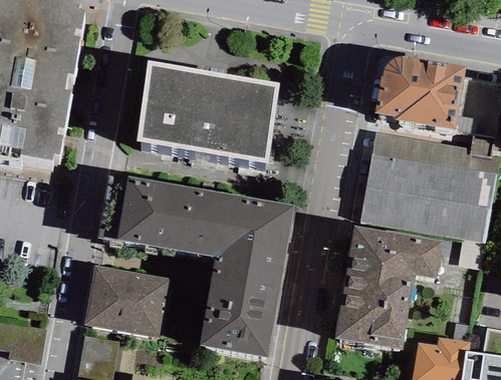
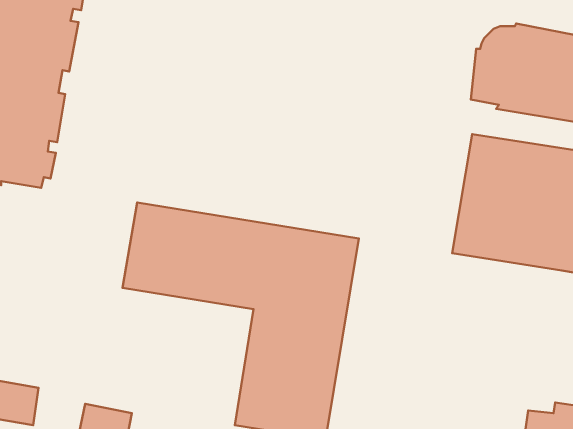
building: [137,65,281,168] -> none
building: [335,216,445,339] -> none
building: [85,265,170,337] -> none

